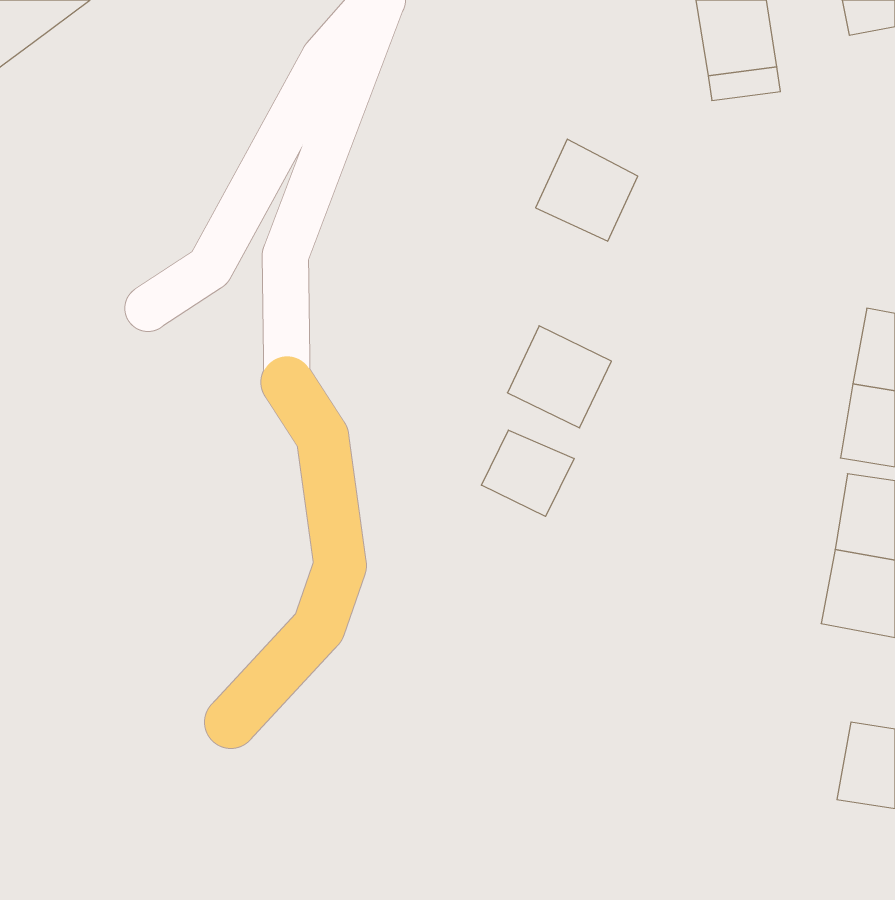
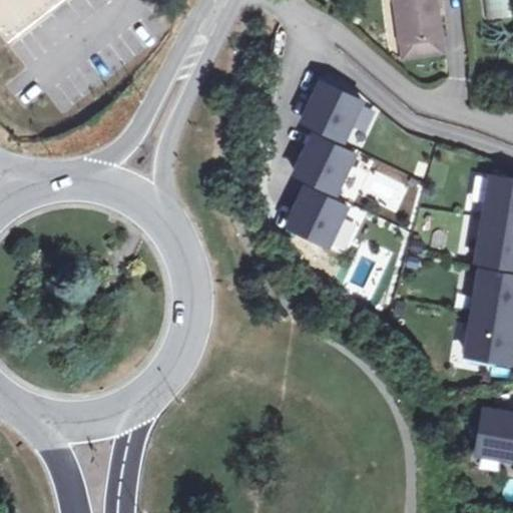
building: none -> [297,132,357,190]
building: [481,430,574,516] -> none

